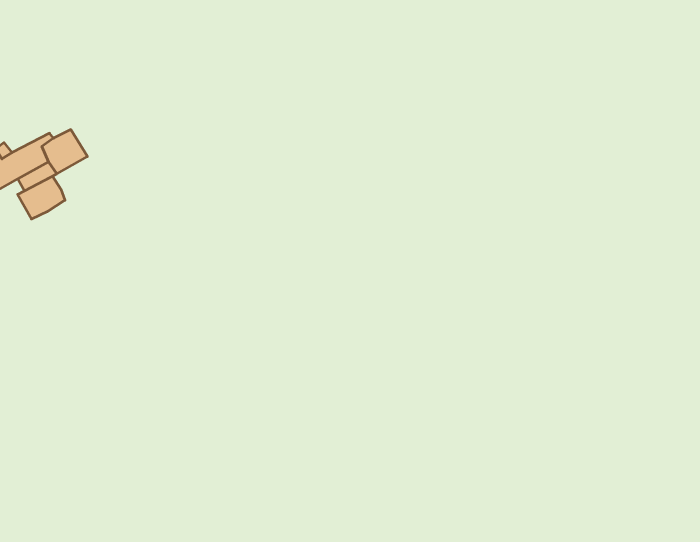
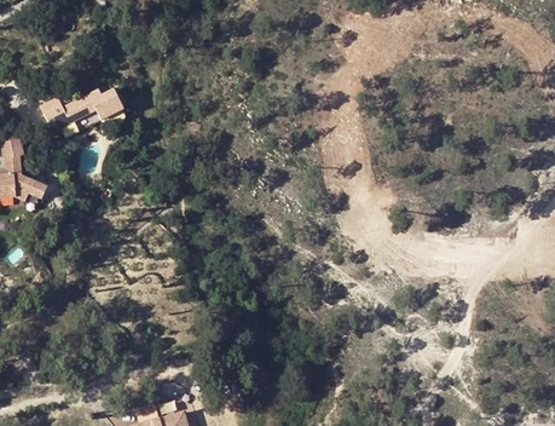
building: [18,176,65,219] -> none

